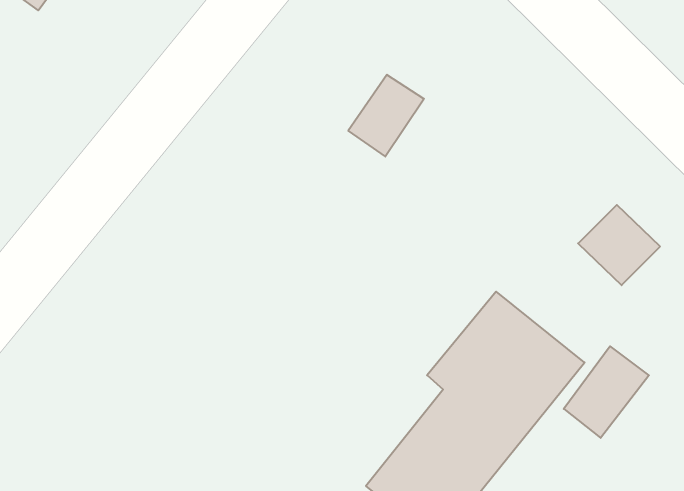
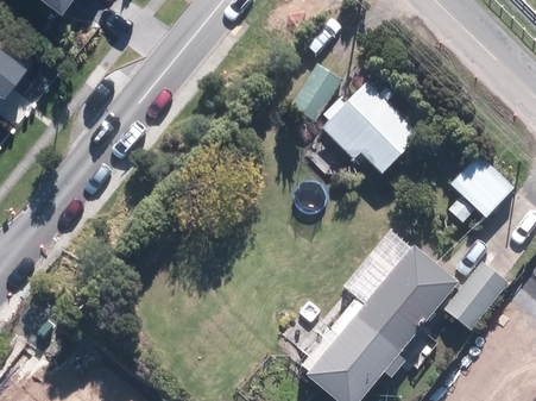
building: none -> [326,77,428,180]

